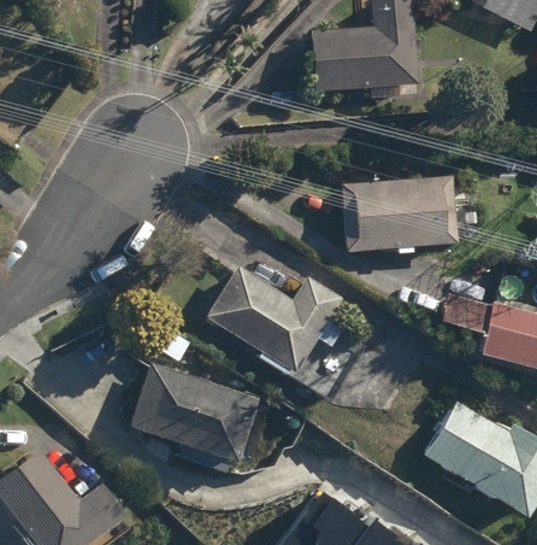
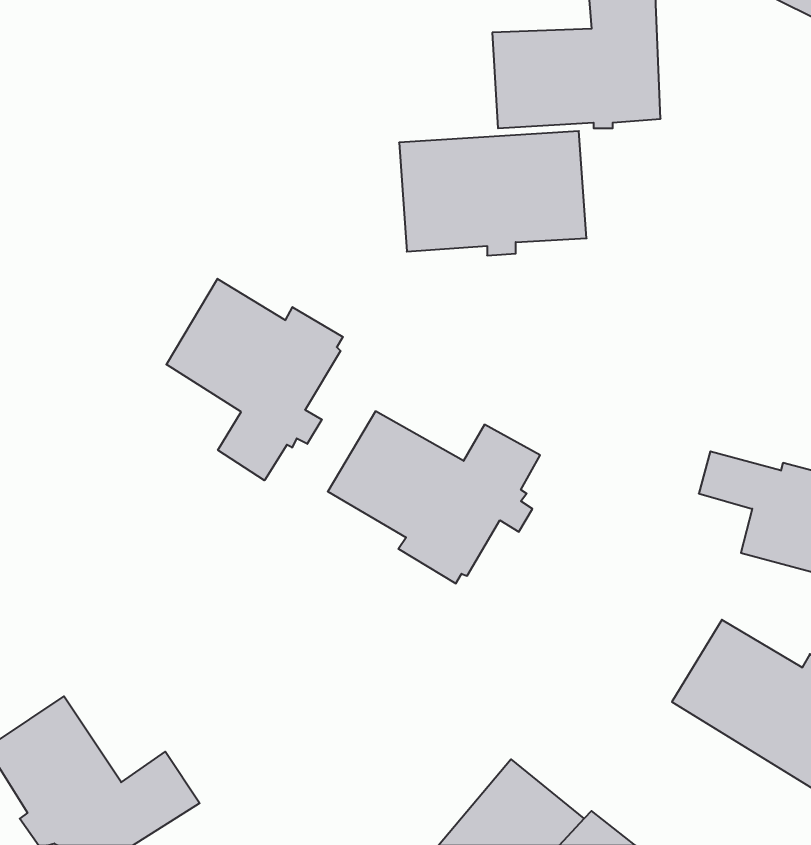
building: [341,176,459,254] -> [399,131,587,255]
building: none -> [166,279,343,480]
building: [130,363,268,485] -> none

